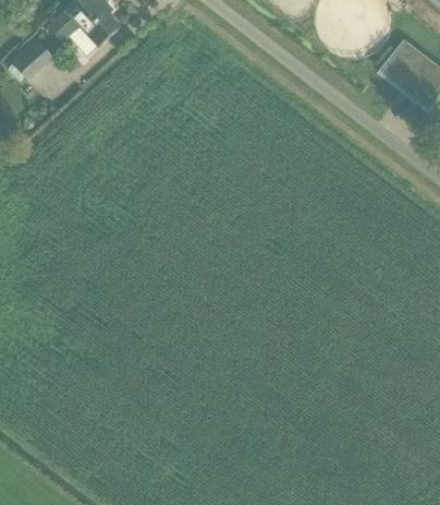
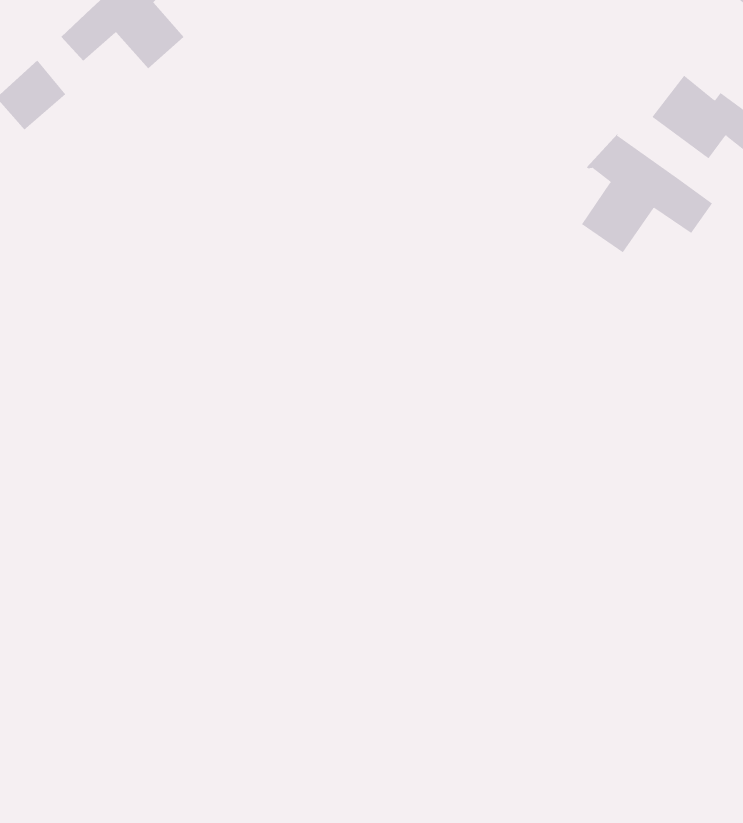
building: none -> [581,133,713,253]

